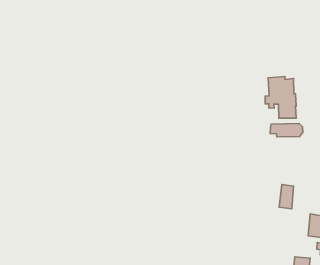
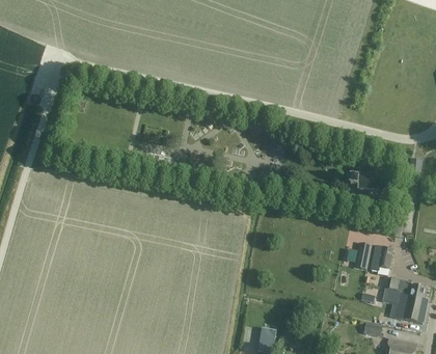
building: [265,77,296,118] -> none
building: none -> [370,245,393,272]

